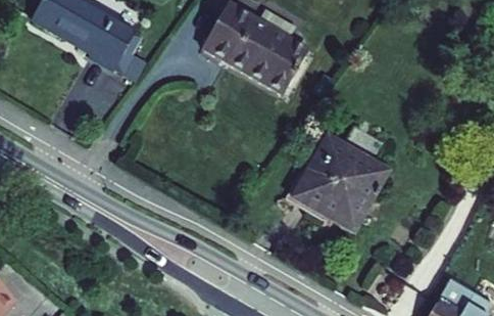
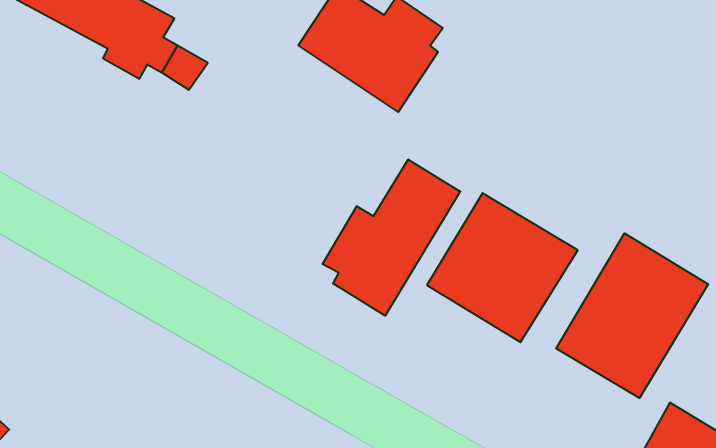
building: none -> [323,159,460,316]
building: none -> [556,233,708,398]

